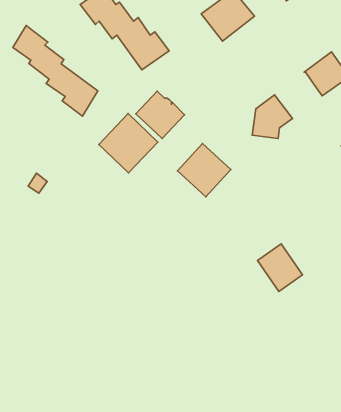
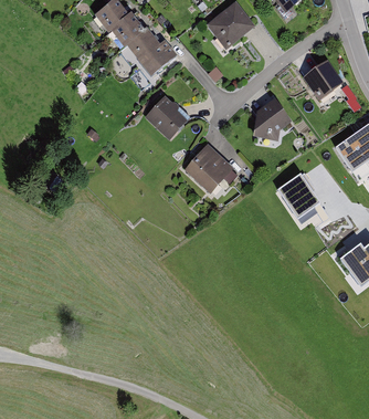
building: [13,25,98,116] -> none
building: [99,113,158,173] -> none
building: [258,244,303,291] -> [277,171,319,216]

